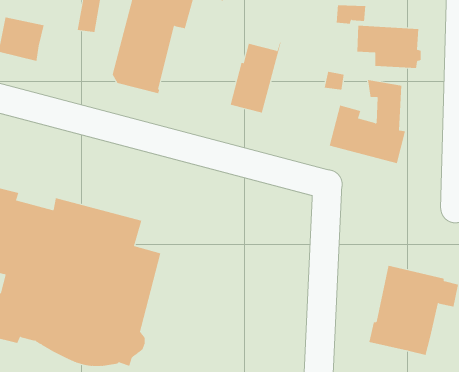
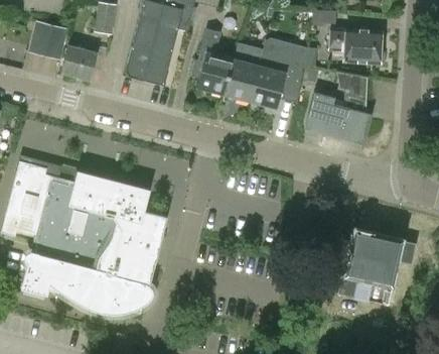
building: none -> [190,28,233,95]
building: none -> [251,38,306,109]
building: none -> [62,46,98,81]

